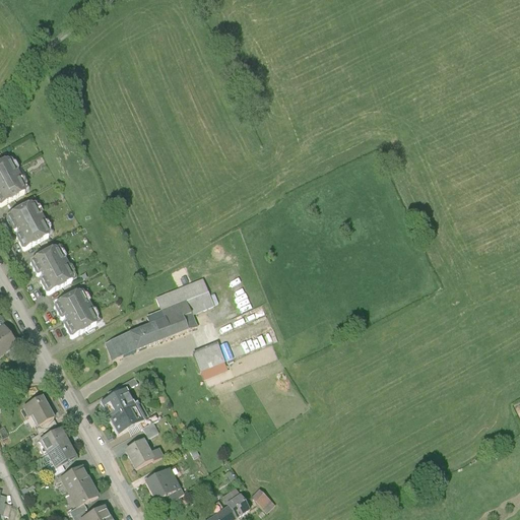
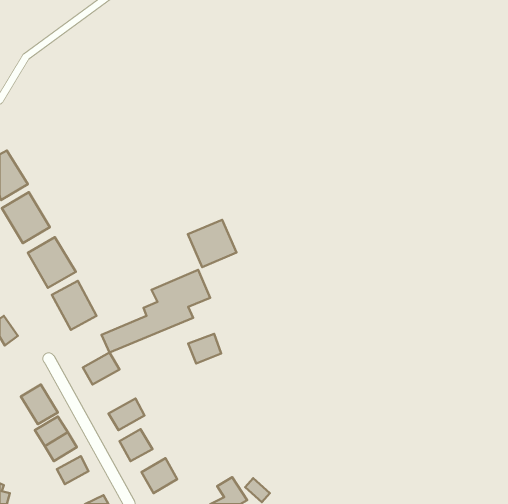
building: none -> [188,220,236,267]
building: [101,389,138,421] -> [83,353,120,384]
building: [66,480,100,510] -> none

